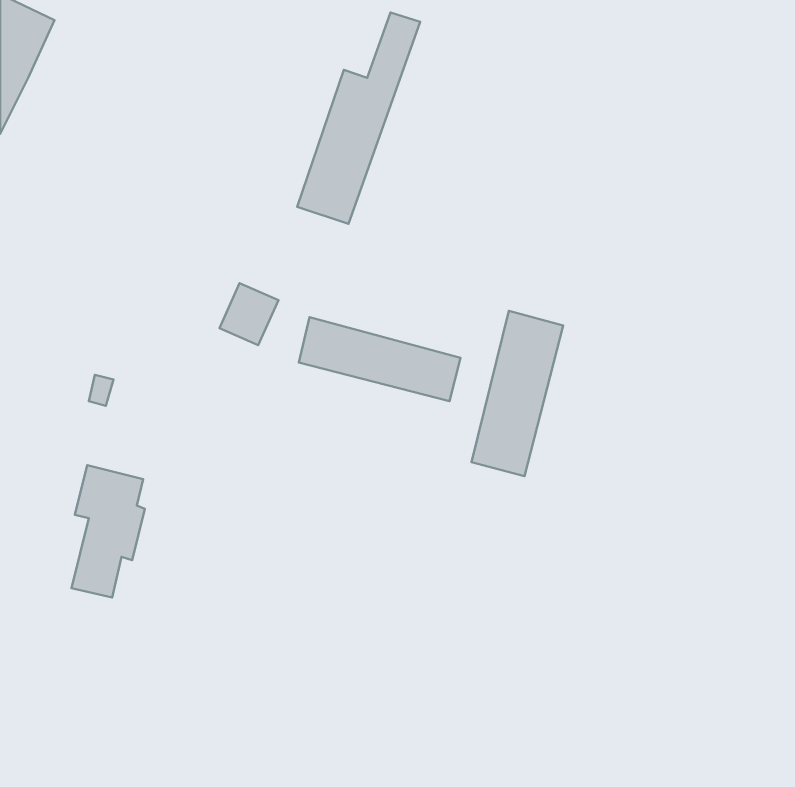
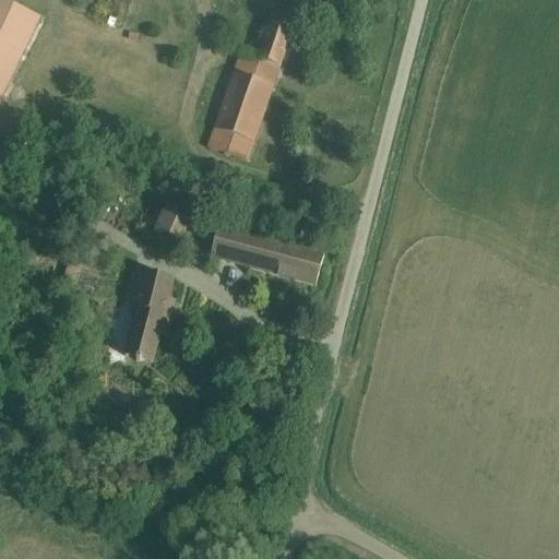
building: [472,311,563,476] -> none
building: [72,465,145,597] -> [124,265,176,358]

